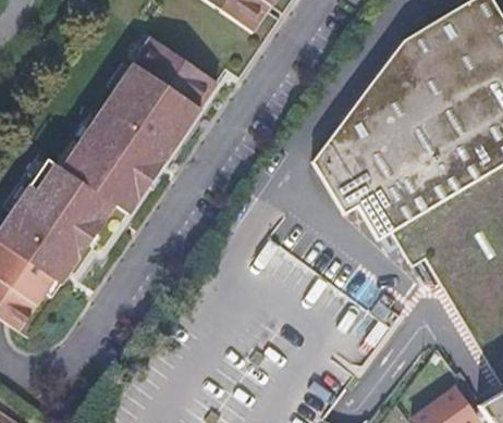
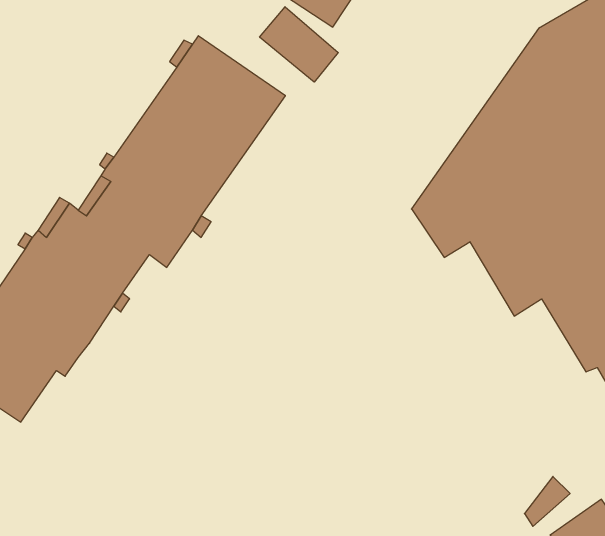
building: none -> [260,7,338,82]

